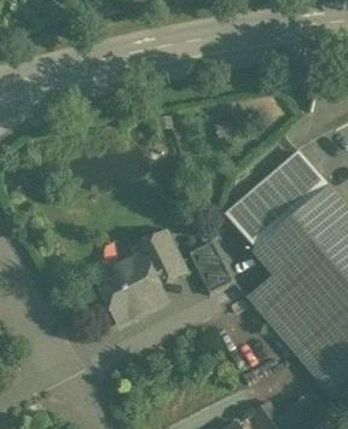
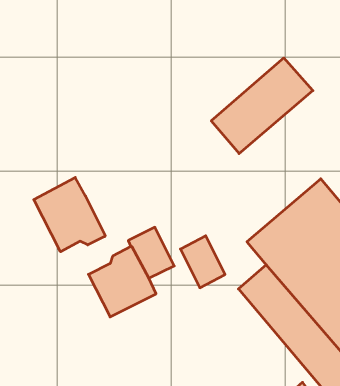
building: [225,151,326,247] -> [211,58,313,154]
building: none -> [34,177,105,252]

